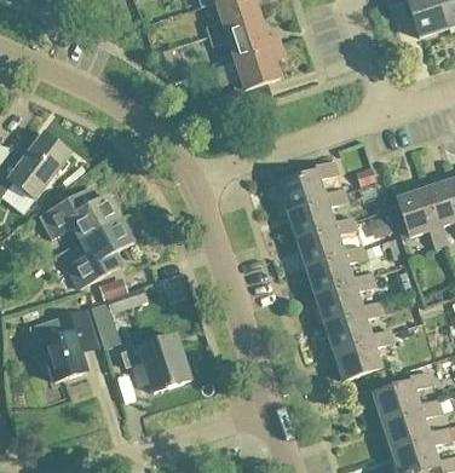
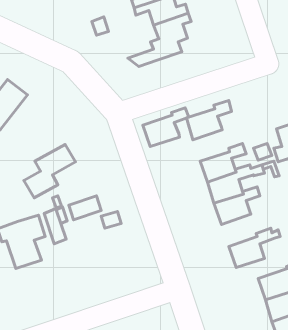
building: [288,188,349,238] -> [143,108,189,146]
building: [39,194,120,238] -> none
building: [326,299,386,351] -> none
building: [121,333,190,391] -> none

